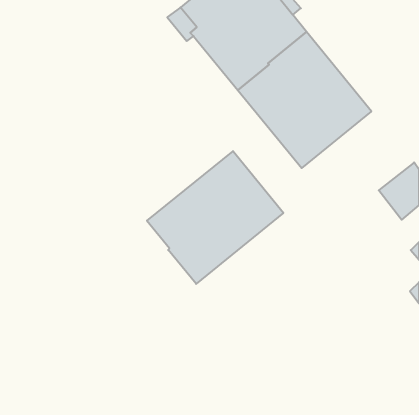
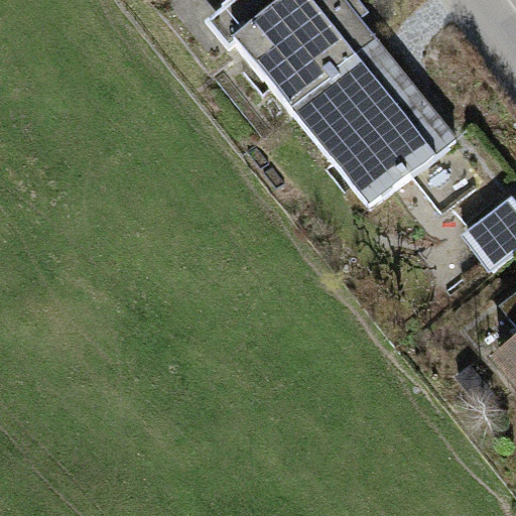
building: [147,151,283,284] -> none

